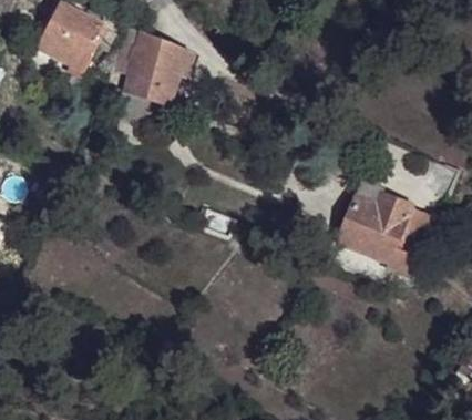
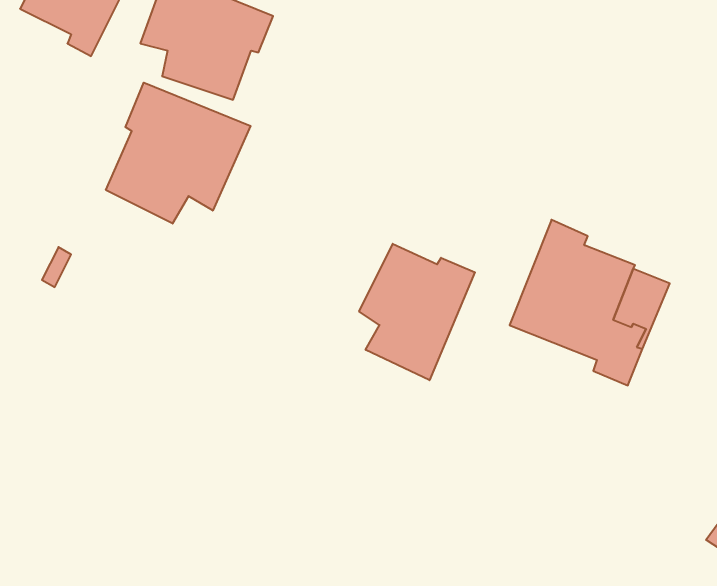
building: none -> [106,83,251,224]
building: none -> [359,244,475,380]

